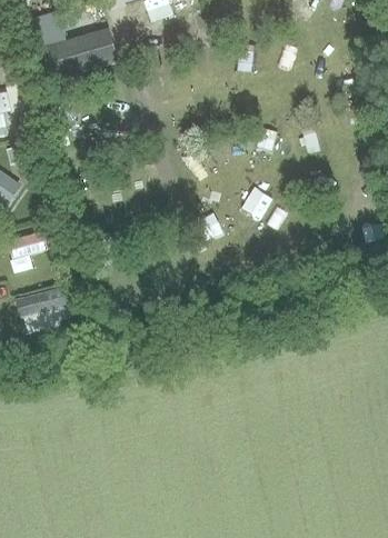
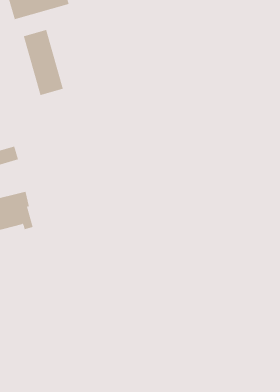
building: none -> [23,29,63,96]

